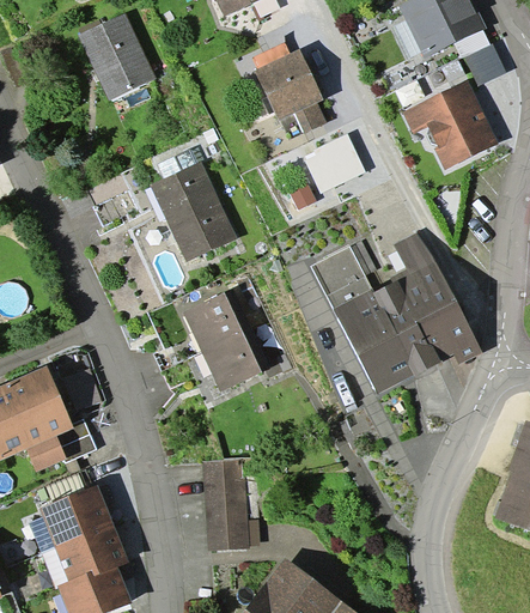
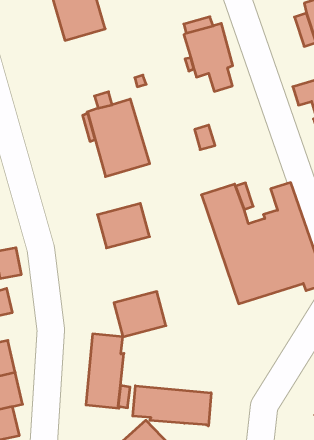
building: [304,134,365,193] -> none
building: [201,328,270,392] -> [114,292,166,337]
building: none -> [133,386,211,426]

